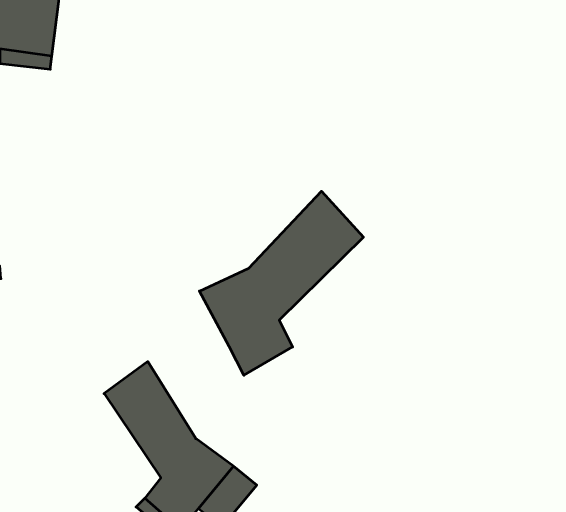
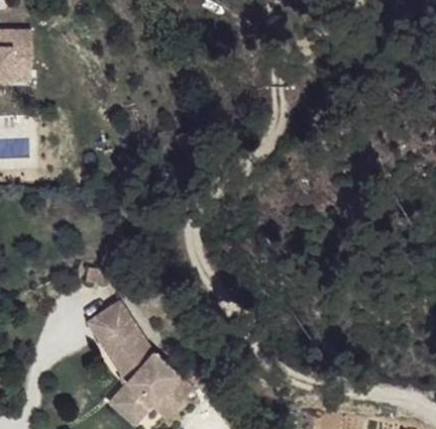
building: [199,191,363,375] -> none

